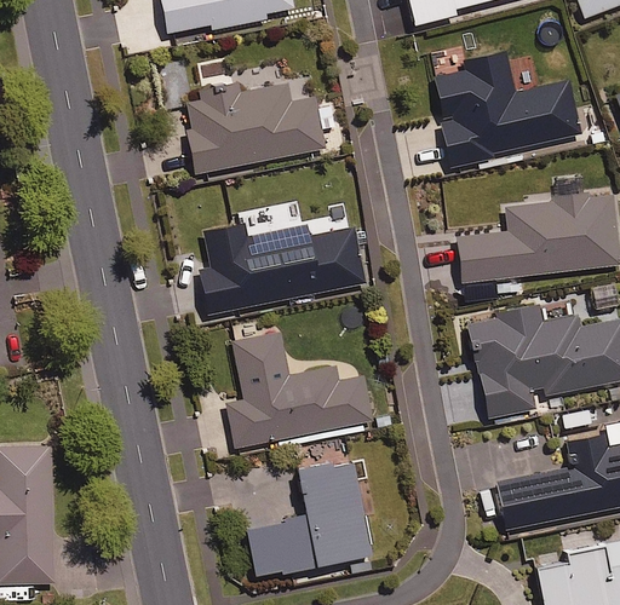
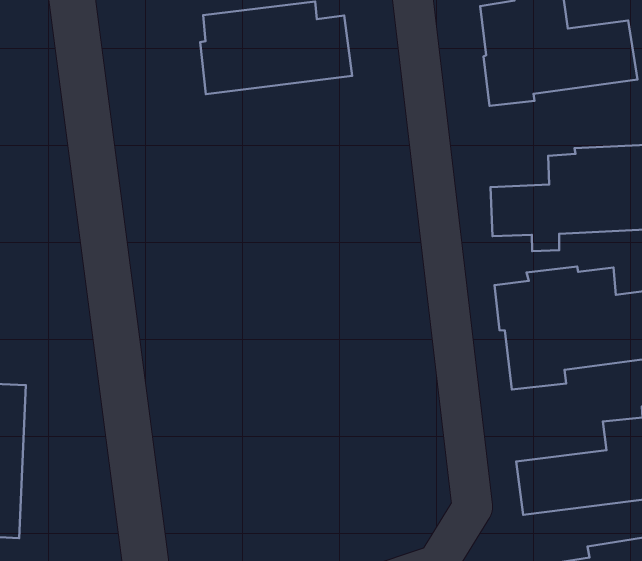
building: [200,223,363,313] -> none
building: [228,333,373,446] -> none
building: [243,463,371,577] -> none

